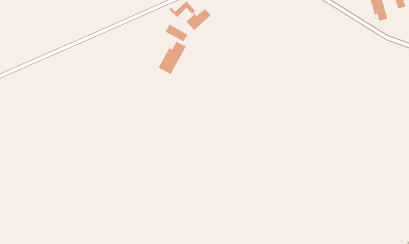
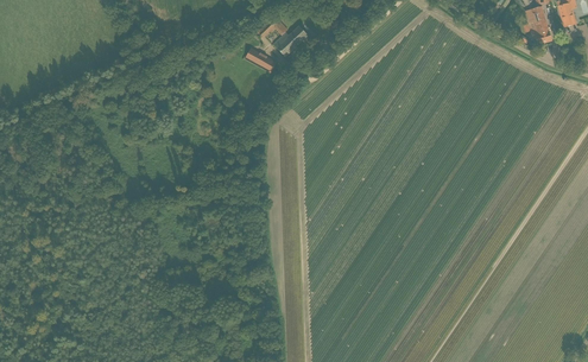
building: [158,41,186,75] -> none

